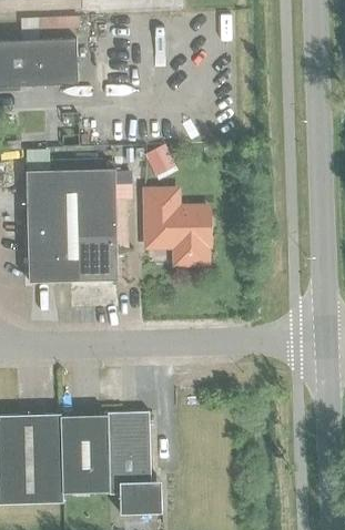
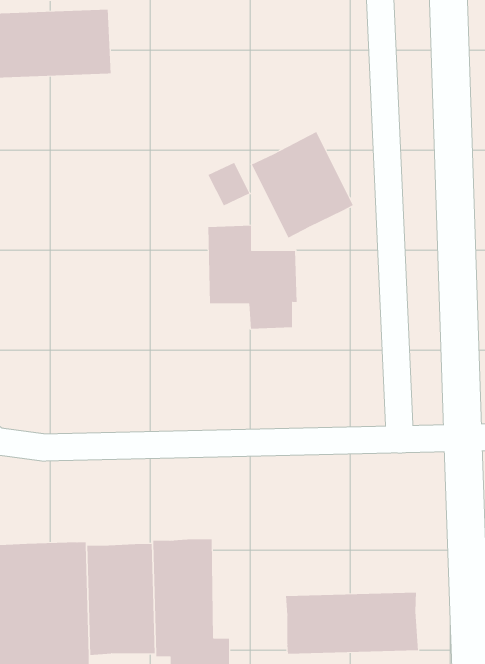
building: none -> [251,131,354,238]
building: [27,169,119,282] -> none
building: none -> [286,592,419,654]

